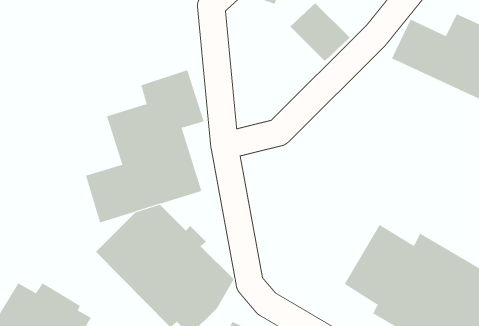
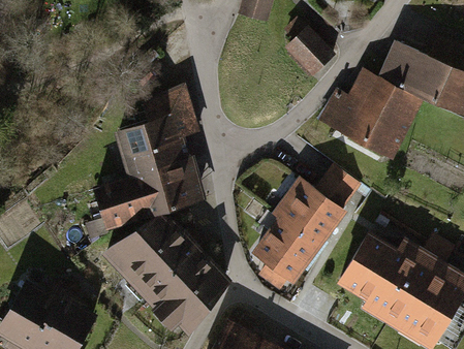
building: none -> [332,69,417,159]
building: none -> [244,166,365,290]

